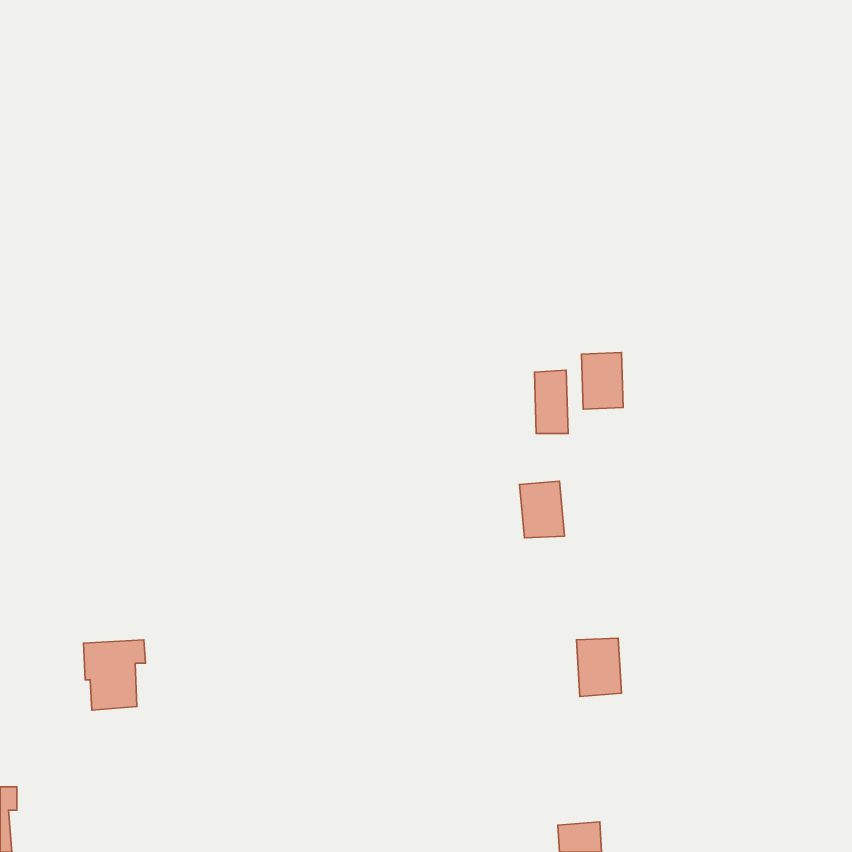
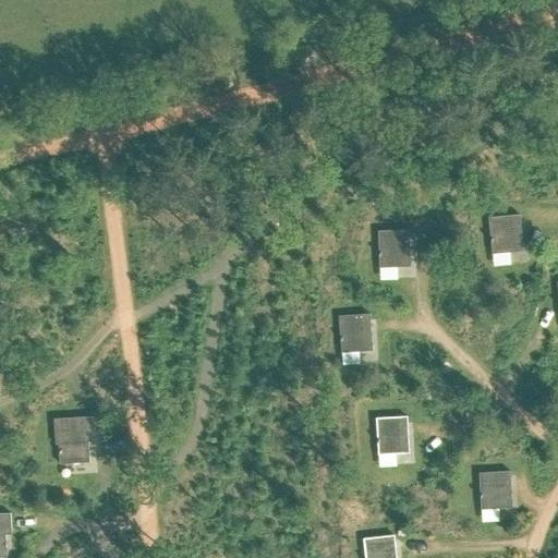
building: none -> [490,215,520,254]
building: [534,370,568,433] -> none
building: none -> [481,471,509,509]

